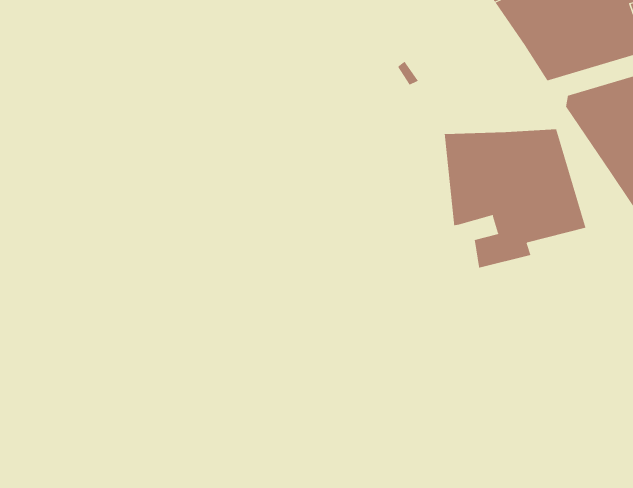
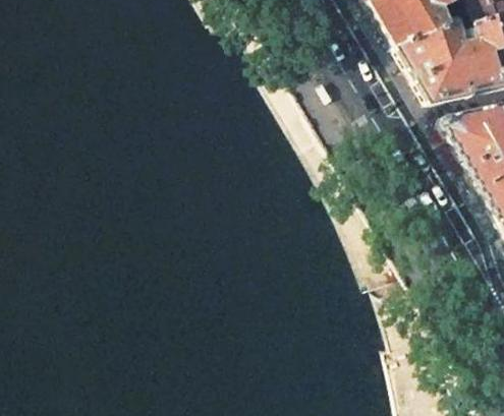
building: [444,129,586,269] -> none

